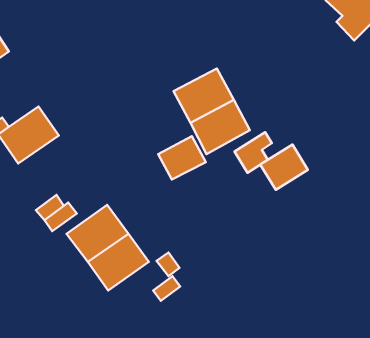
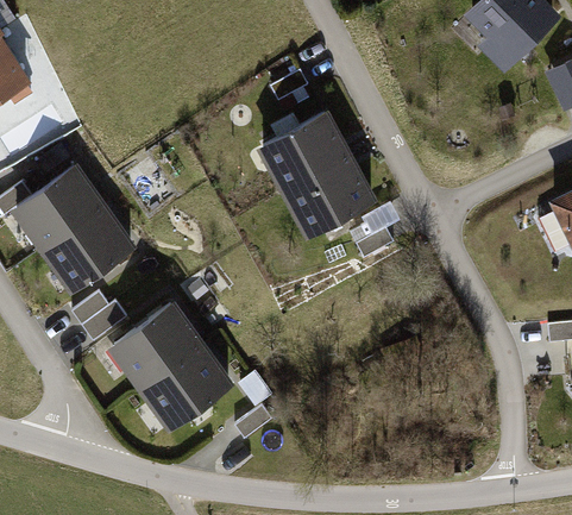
building: none -> [43,207,128,287]
building: [158,136,206,179] -> none
building: [260,145,308,190] -> none

